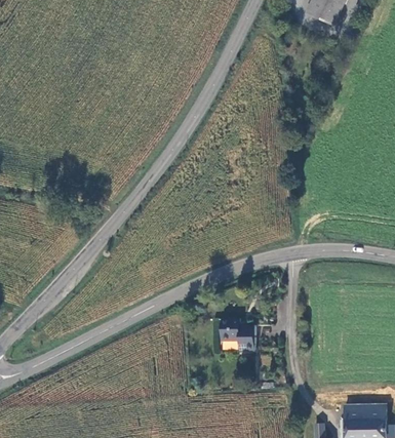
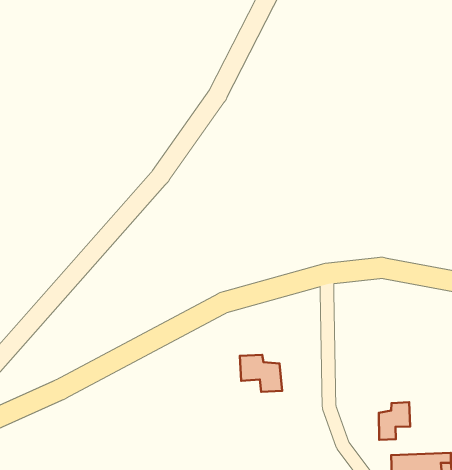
building: none -> [379,402,410,440]

